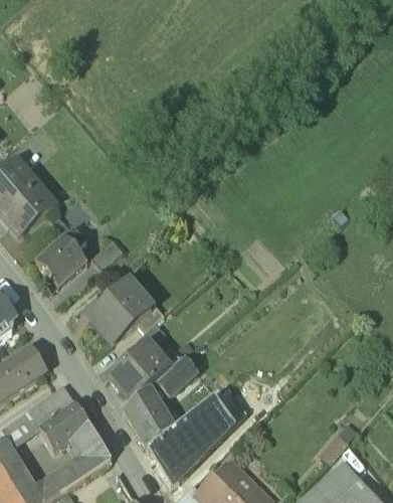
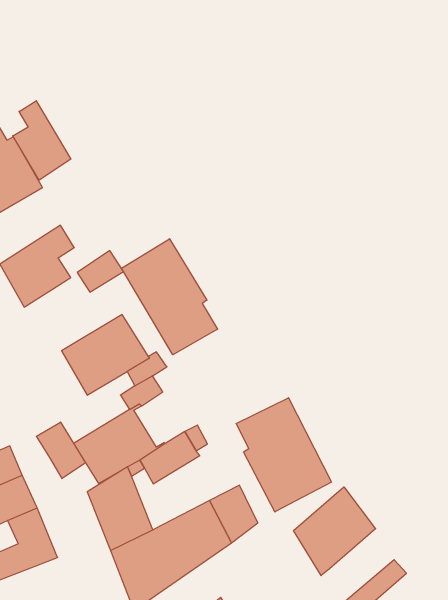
building: none -> [13,101,71,180]
building: none -> [122,239,218,355]
building: none -> [236,398,331,512]
building: none -> [36,422,86,479]
building: none -> [294,487,376,576]

